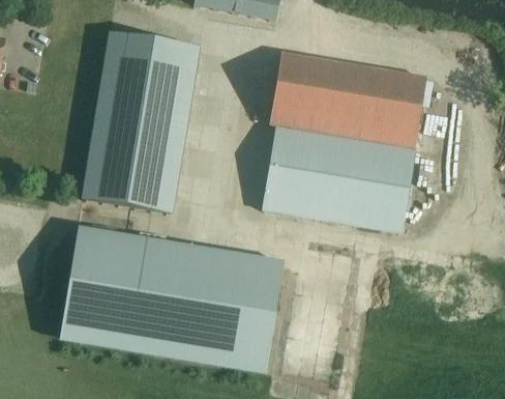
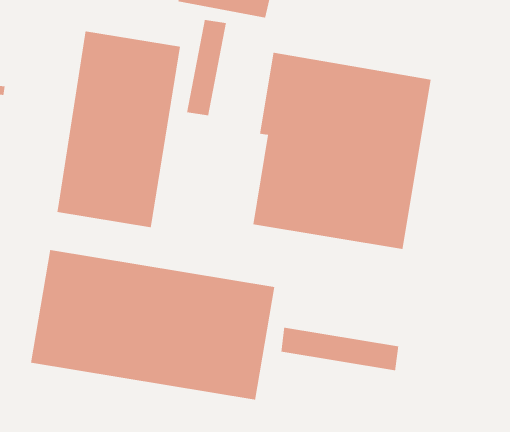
building: none -> [187,19,227,116]
building: none -> [281,327,399,371]

